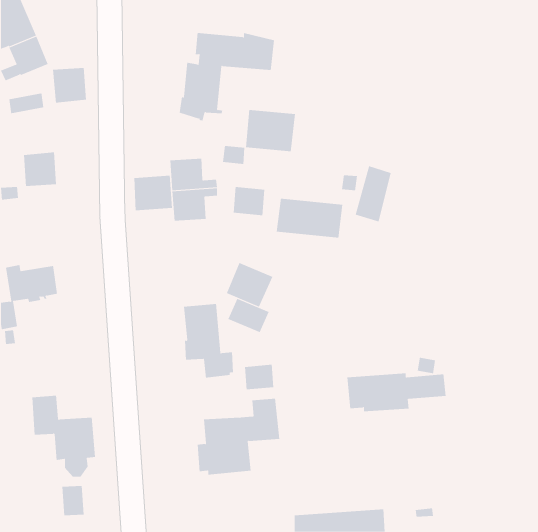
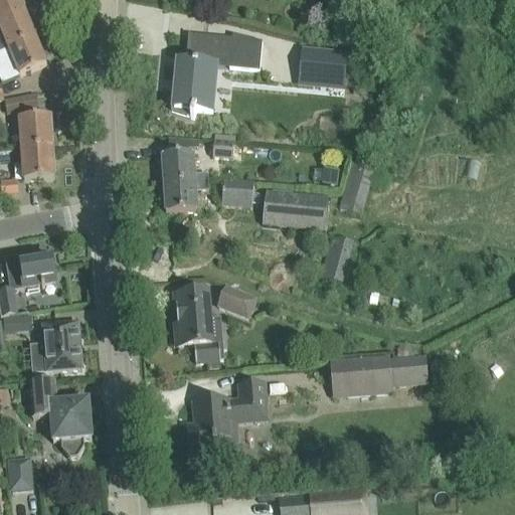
building: [52,67,87,103] -> [19,114,52,148]
building: [245,110,296,152] -> [300,46,348,87]
building: [134,175,172,211] -> none
building: none -> [321,233,353,279]
building: [226,262,273,307] -> none
building: none -> [30,321,82,371]
building: [244,364,274,390] -> none
building: [61,485,85,516] -> [9,458,31,487]

